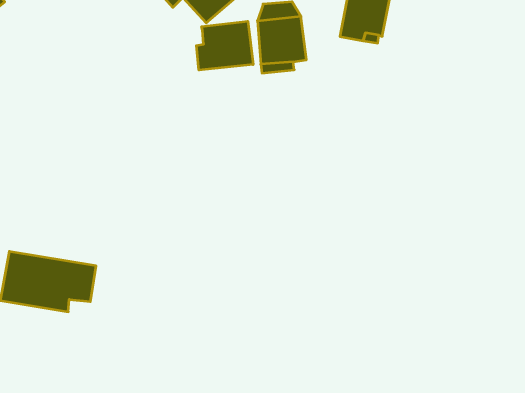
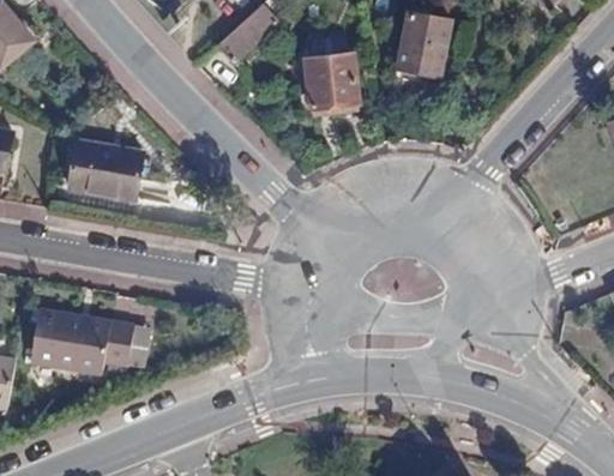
building: [196,21,253,70] -> none
building: none -> [68,139,143,200]

